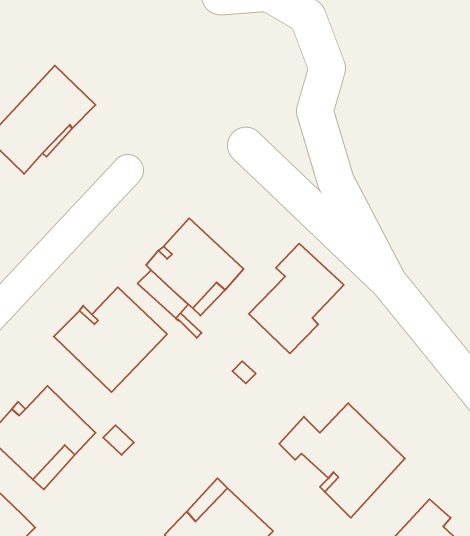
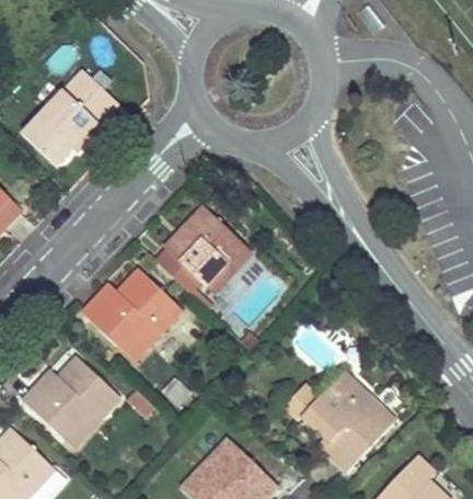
building: [249,244,344,353] -> none

